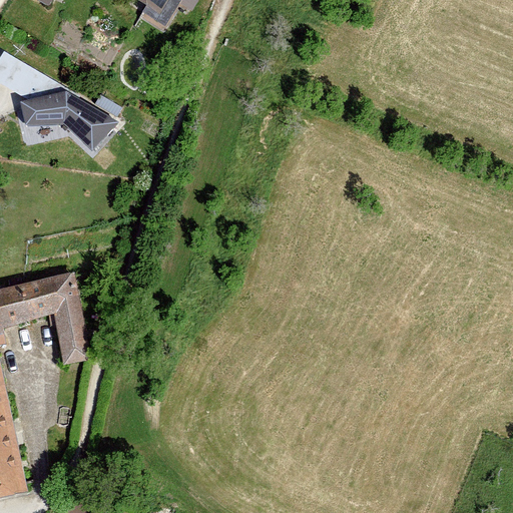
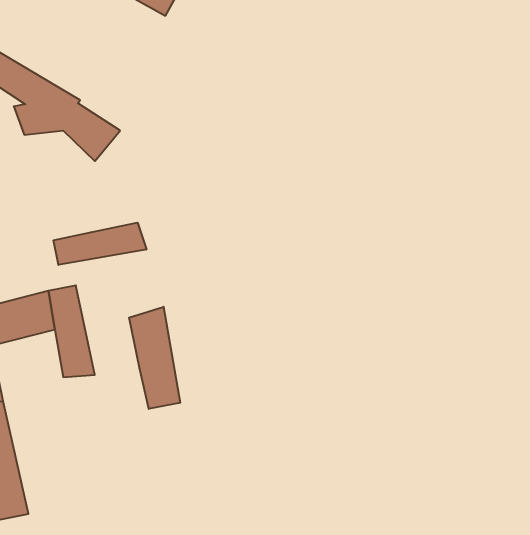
building: none -> [54,223,146,265]
building: none -> [129,307,180,409]

